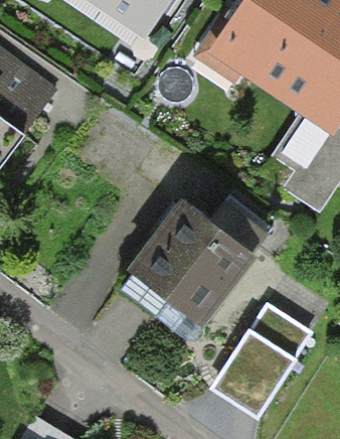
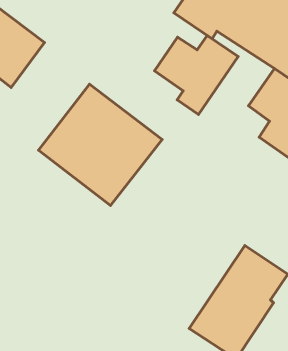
building: none -> [154,36,238,114]
building: [129,203,259,331] -> [39,84,162,205]

